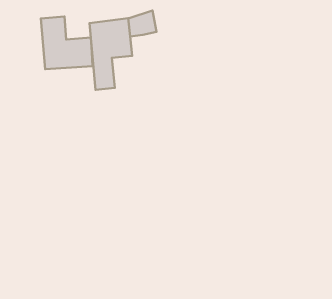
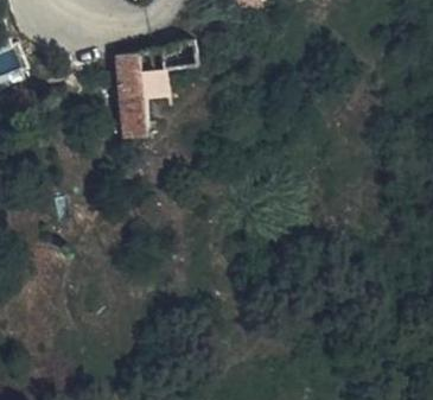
building: [41,17,93,69] -> none

